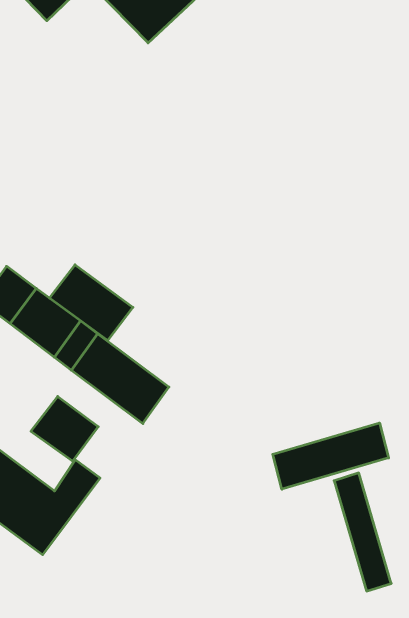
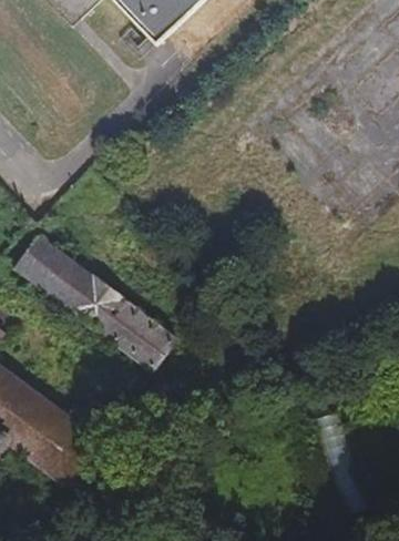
building: [50,265,133,341] -> none
building: [31,396,98,461] -> none
building: [273,423,389,489] -> none

